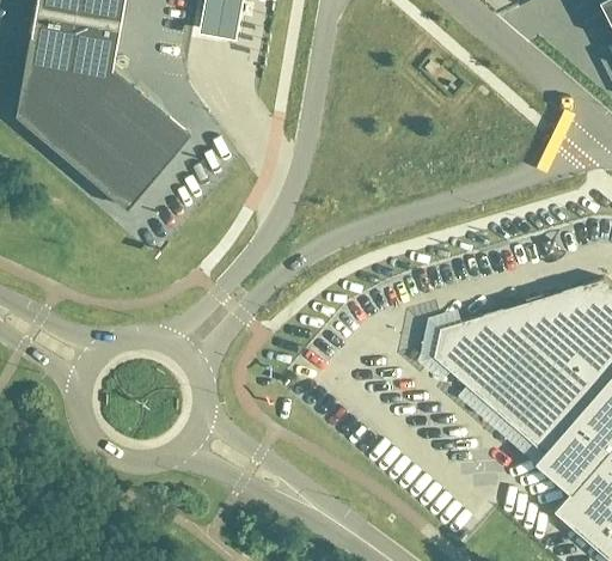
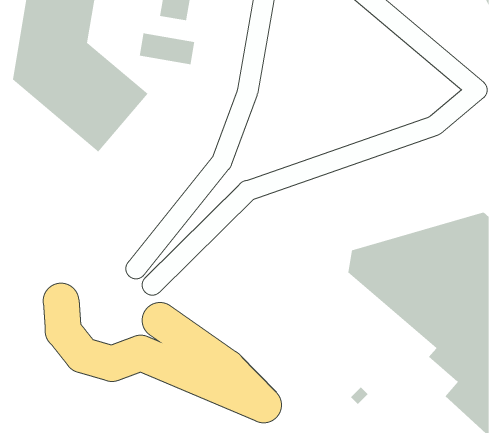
building: none -> [139,32,195,65]

